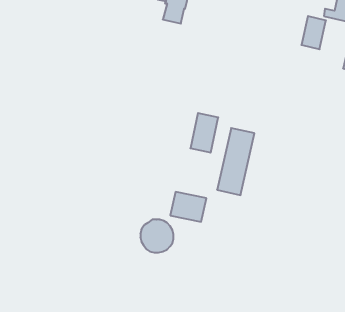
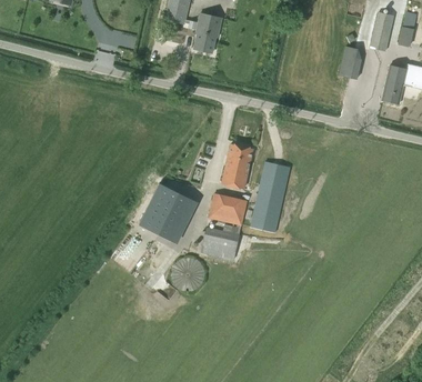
building: none -> [139,184,198,244]
building: none -> [209,193,247,224]

